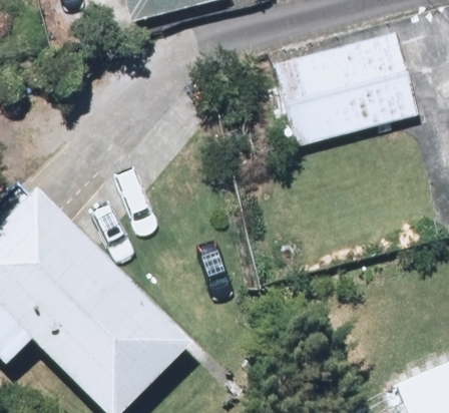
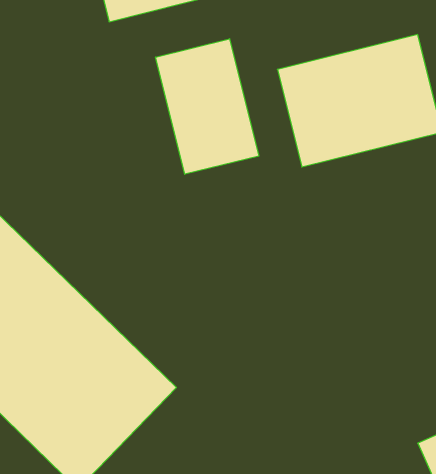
building: none -> [156,39,259,174]

